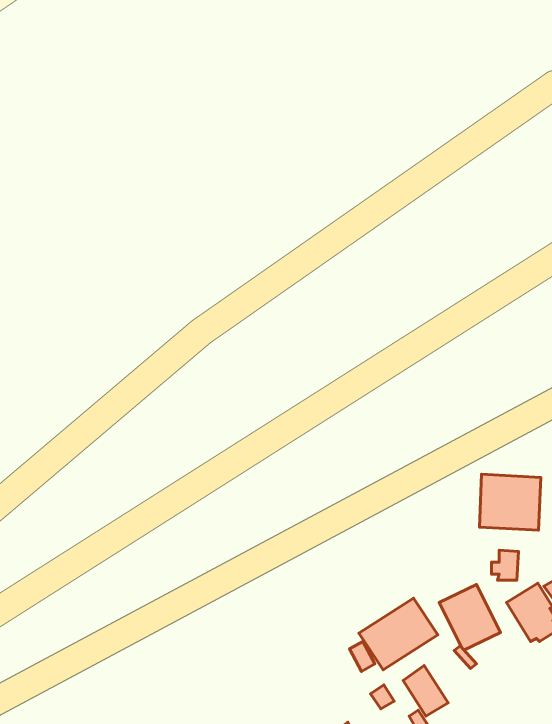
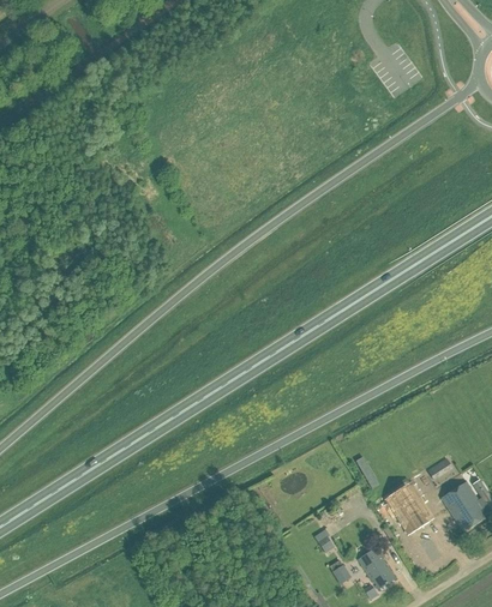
building: [479,474,541,530] -> none
building: [359,598,438,670] -> none

